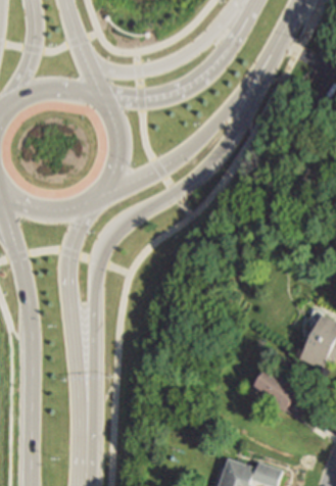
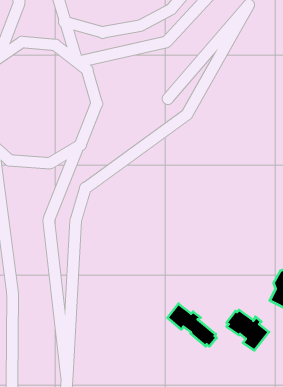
building: none -> [168,304,217,346]

